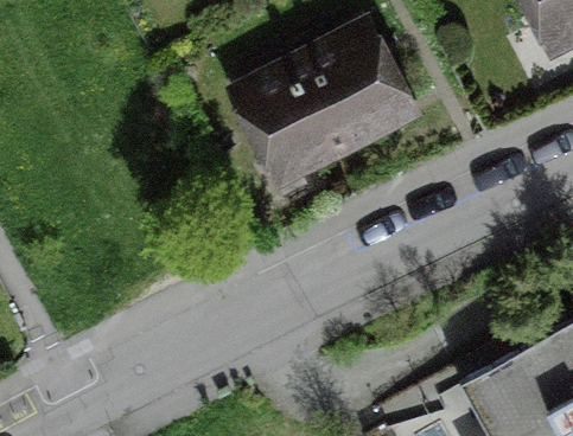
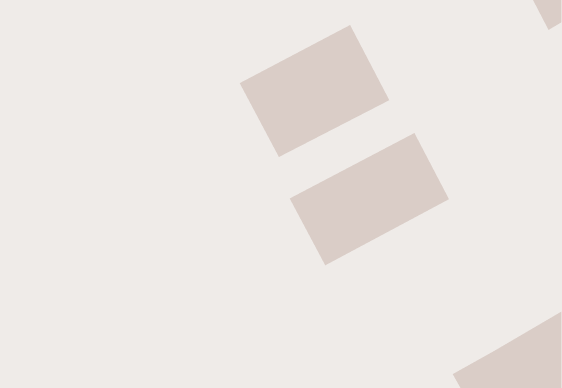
building: none -> [289,132,450,266]

